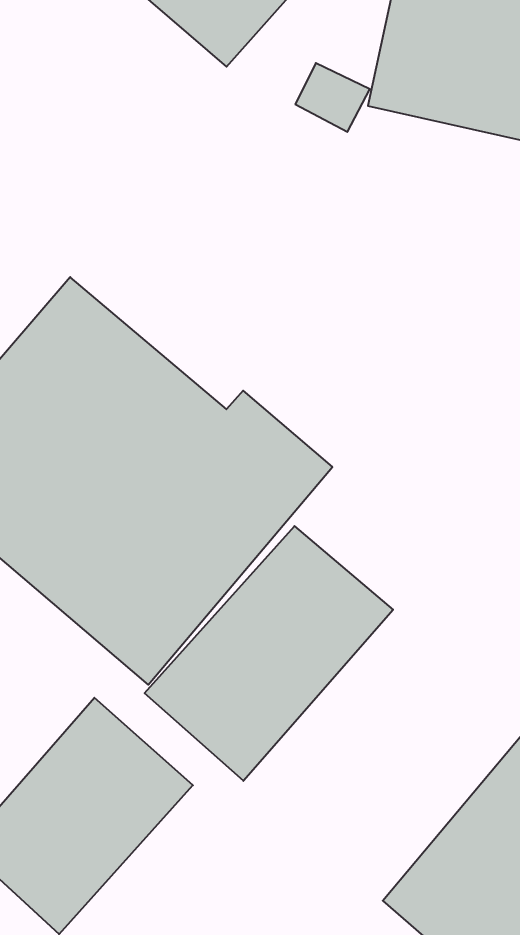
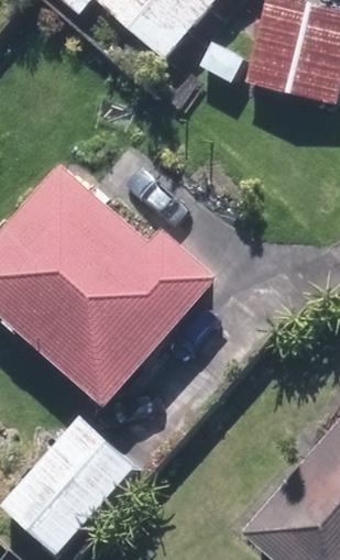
building: [145,526,393,781] -> none

